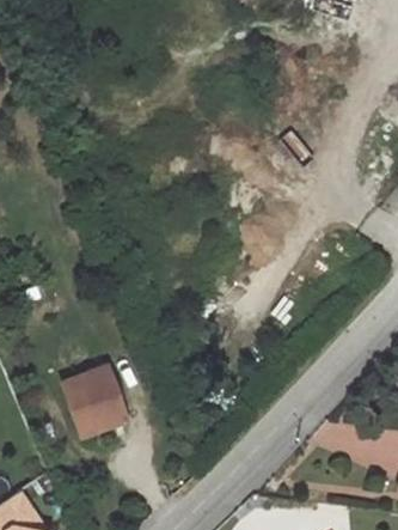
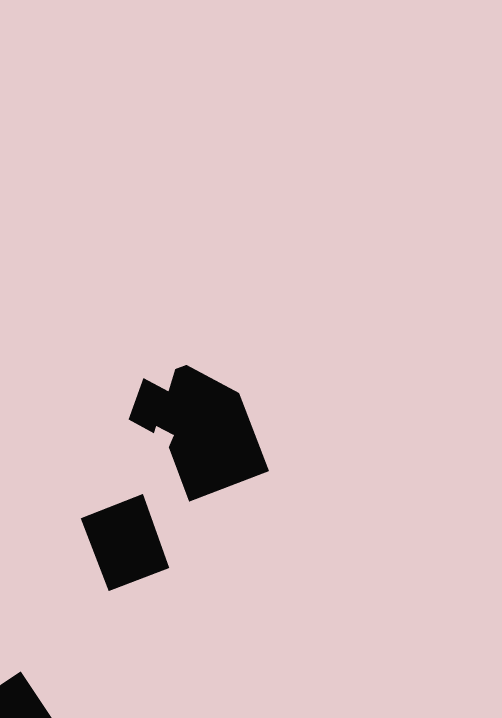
building: none -> [128,364,270,503]

